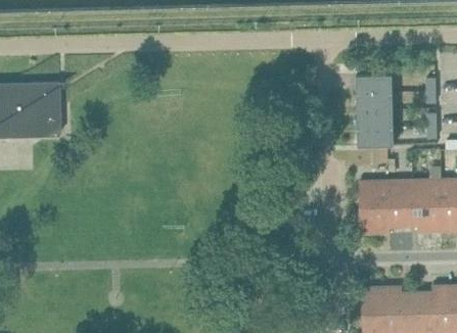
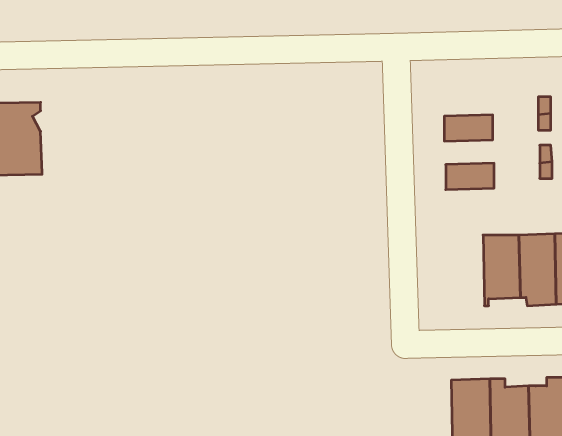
building: [356,74,393,92] -> none
building: [357,109,394,128] -> none
building: [359,180,386,233] -> none

